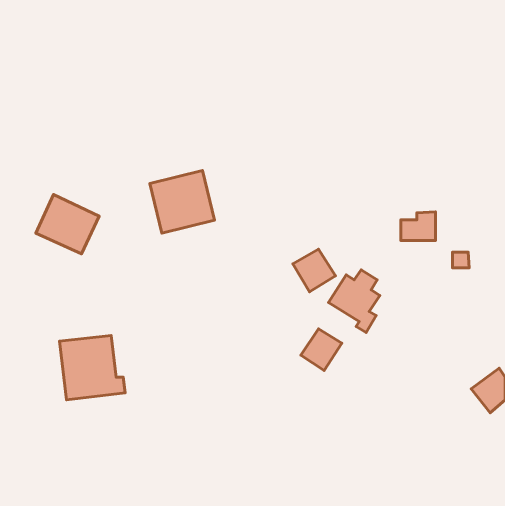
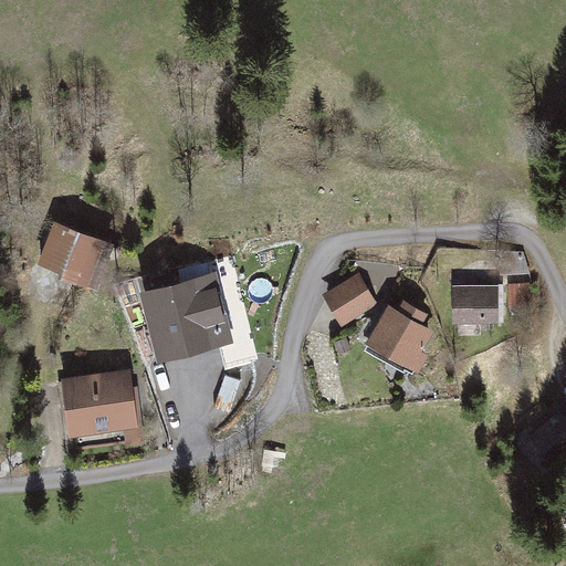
building: [150,171,214,233] -> [148,281,220,350]
building: [401,212,436,241] -> [453,283,492,315]
building: [301,329,342,370] -> none

